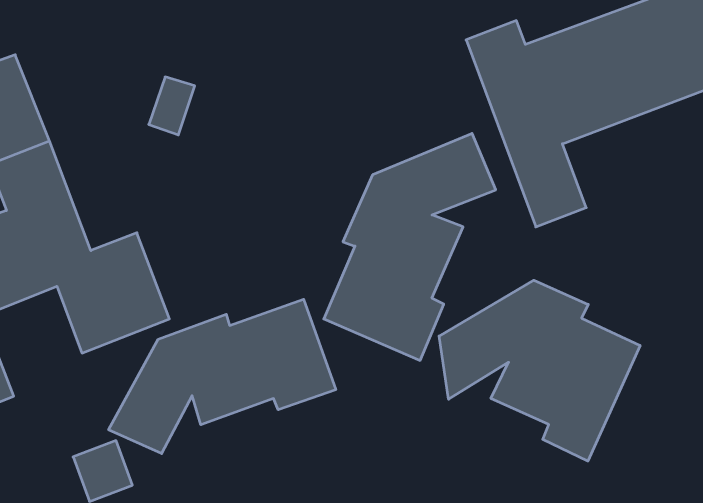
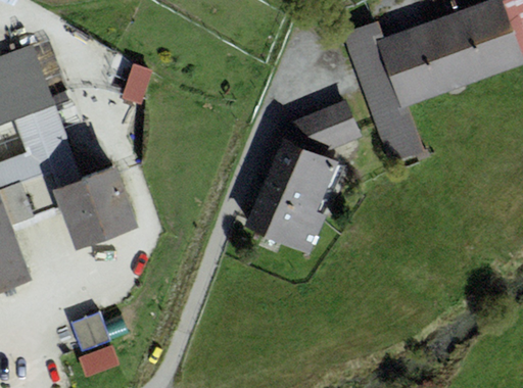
building: [439,280,640,461] -> none
building: [109,299,336,454] -> none

